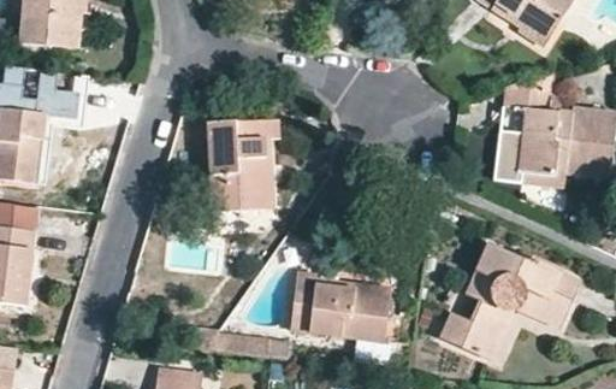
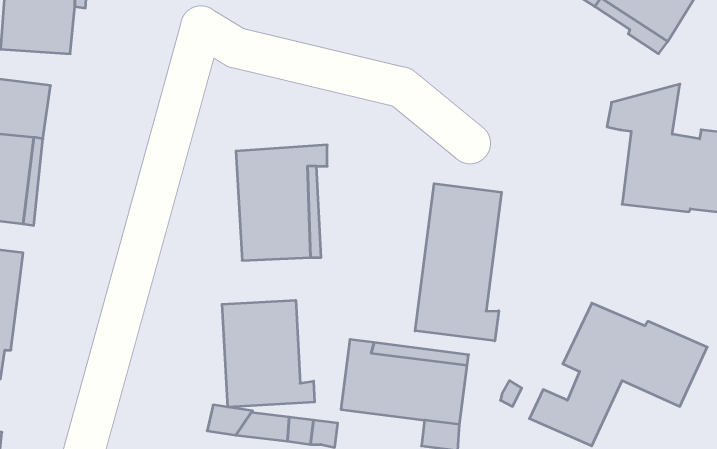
building: [502,107,565,187] -> none
building: none -> [415,184,502,341]
building: none -> [222,300,315,407]

